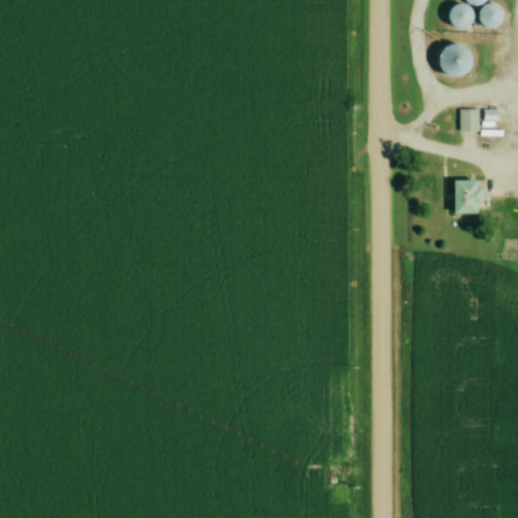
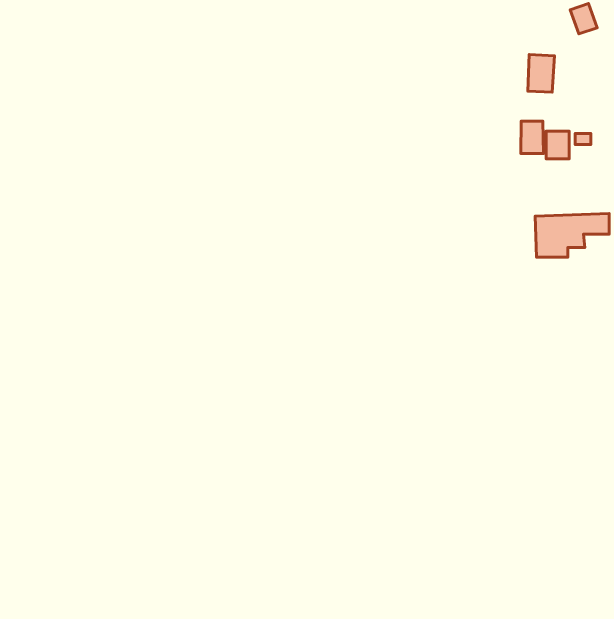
building: [451,6,472,28] -> none
building: none -> [521,121,543,154]

